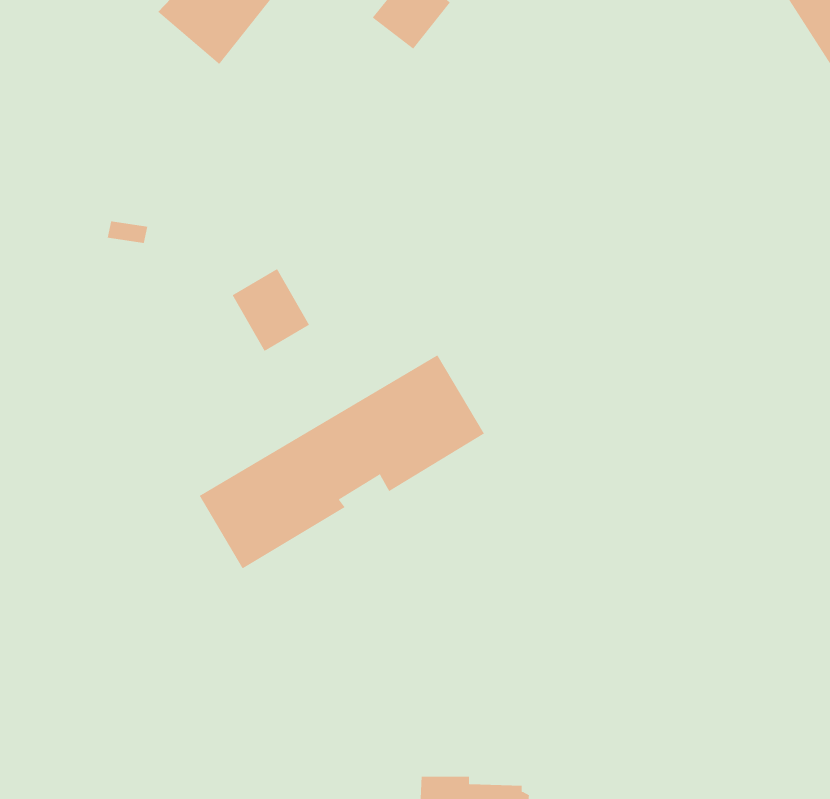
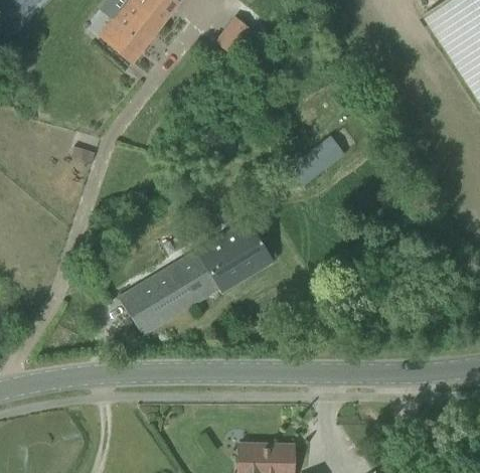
building: none -> [290,139,341,185]
building: [232,268,310,352] -> none

